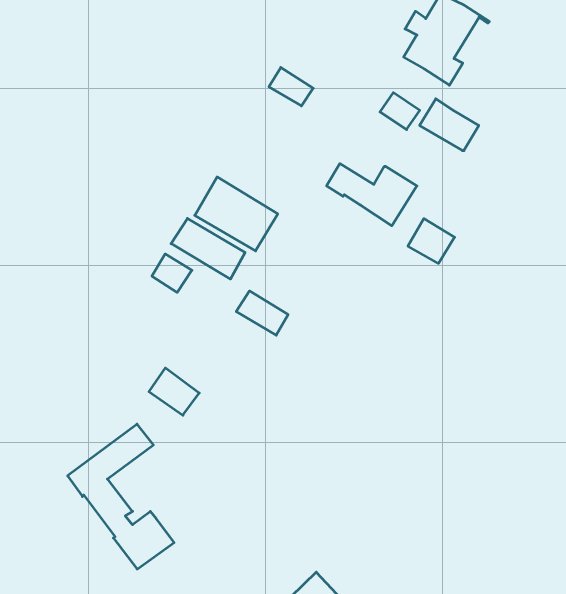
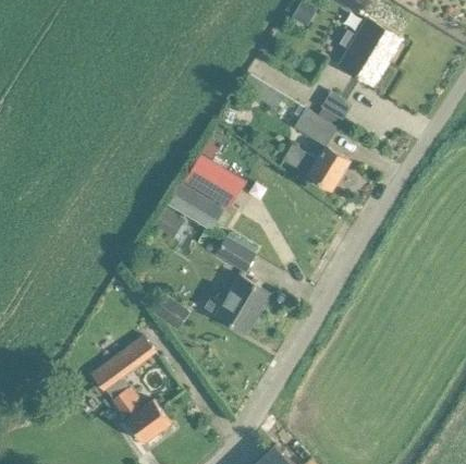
building: [420,99,479,151] -> [294,109,338,147]
building: [408,219,455,263] -> none
building: none -> [205,277,270,334]

